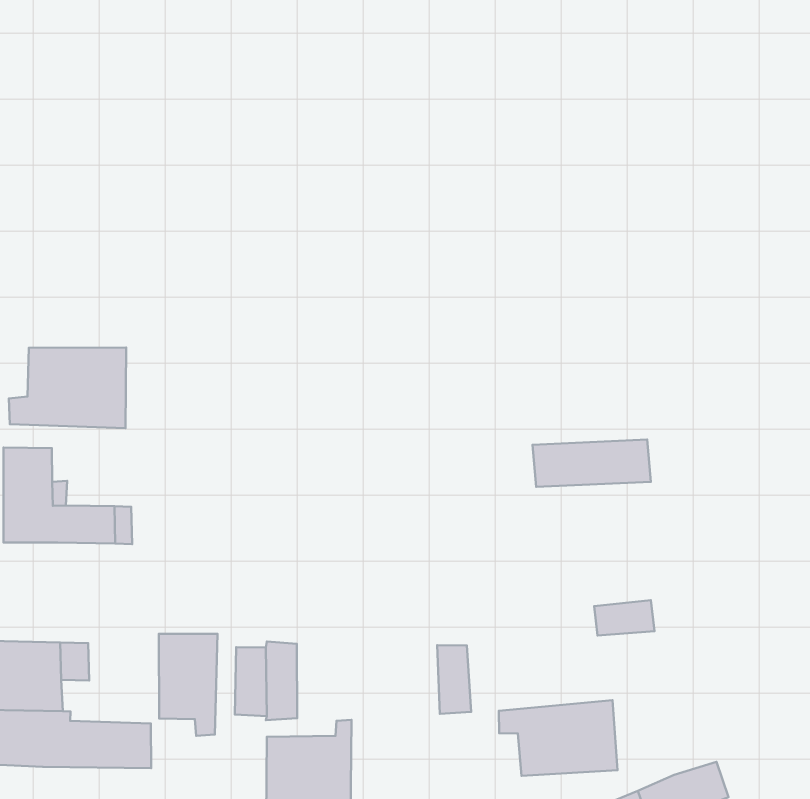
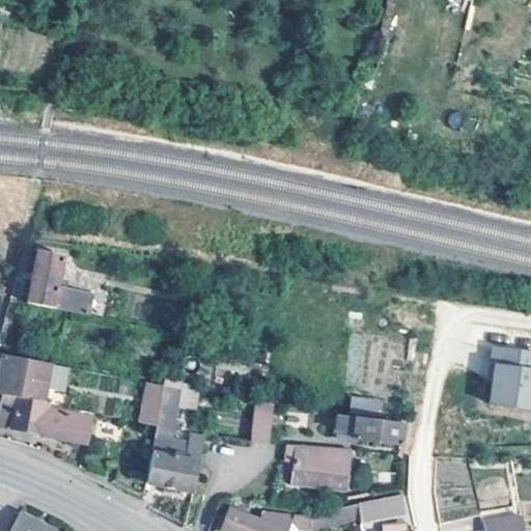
building: [9,348,126,428] -> none
building: [532,439,651,487] -> [337,414,403,446]
building: [159,634,217,736] -> none

